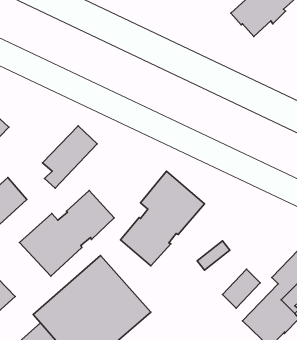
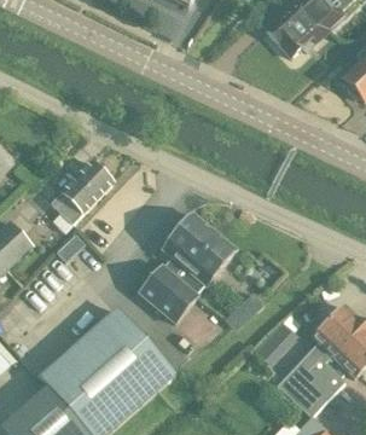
building: [19,190,114,276] -> none

